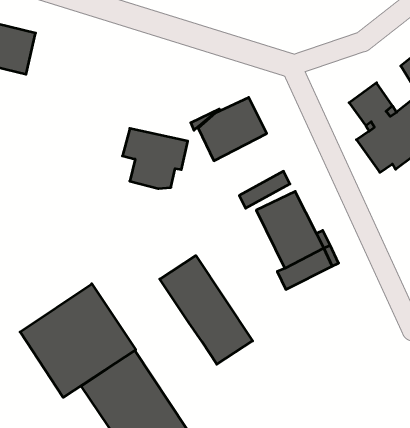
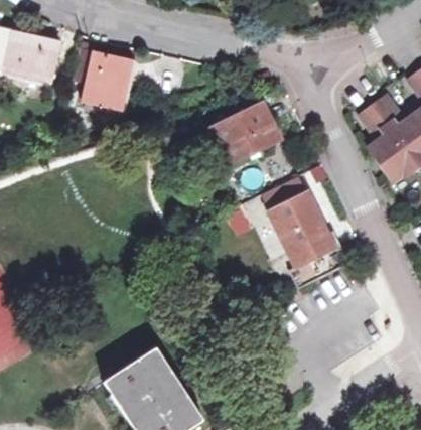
building: [122,128,188,189] -> [74,49,136,107]
building: [160,256,253,364] -> none
building: [20,284,136,397] -> none

